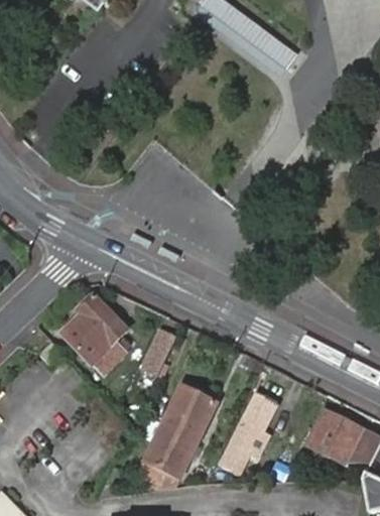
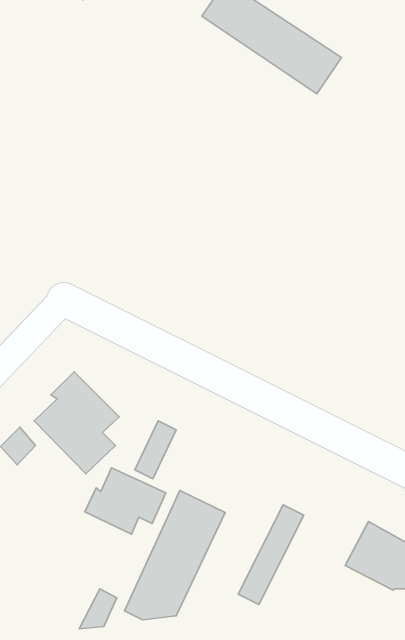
building: none -> [85,468,166,534]

